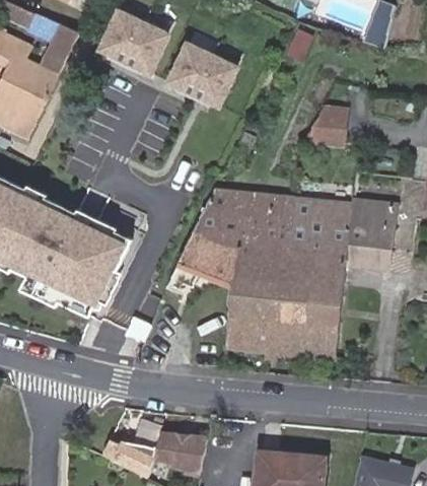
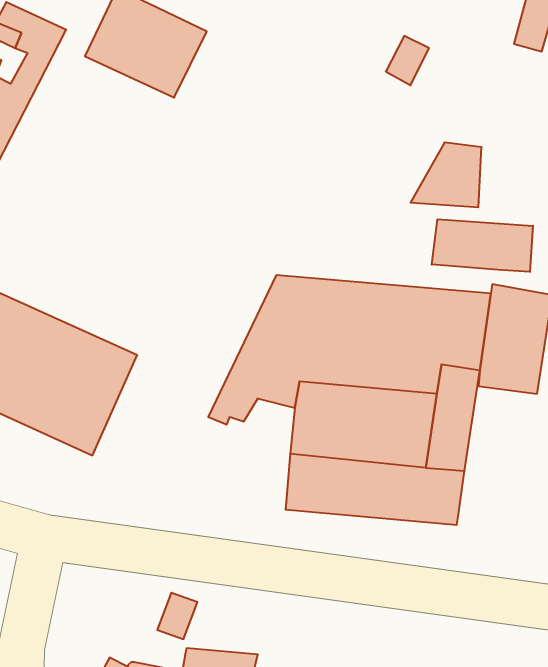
building: [156,34,236,107] -> none
building: none -> [432,219,533,272]

